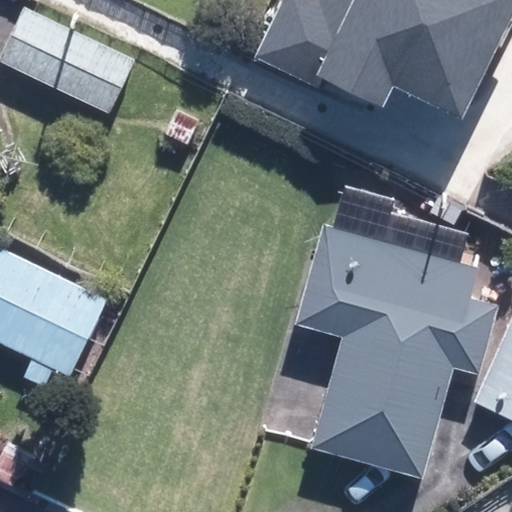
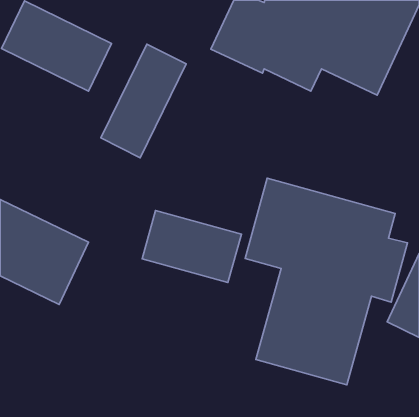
building: none -> [101,44,186,158]
building: none -> [142,211,241,283]

